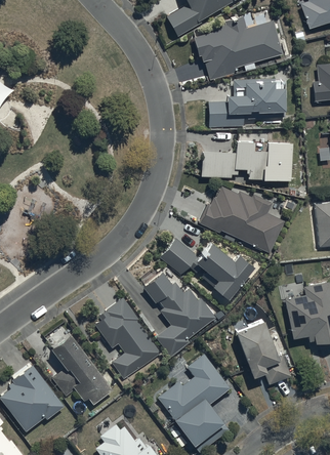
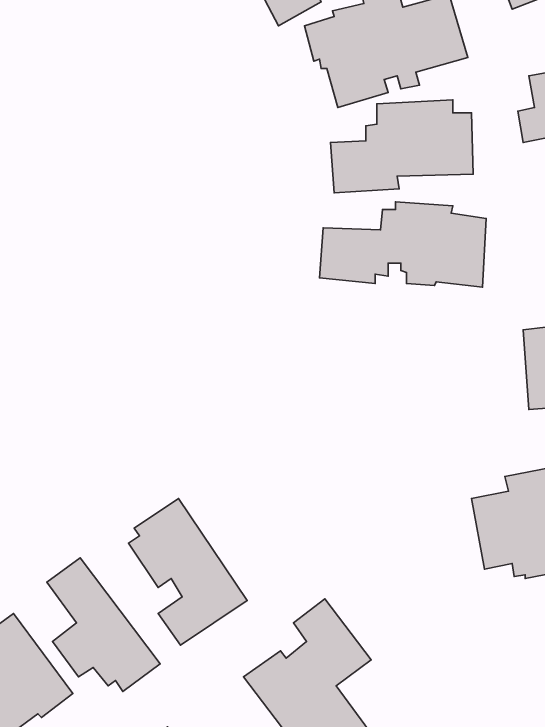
building: [196,185,285,255] -> none
building: [159,238,255,299] -> none
building: [142,272,217,356] -> none
building: [235,318,291,384] -> none

